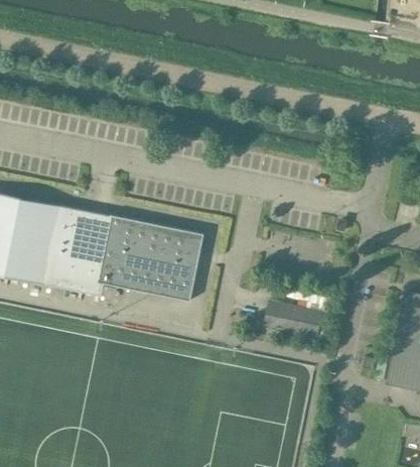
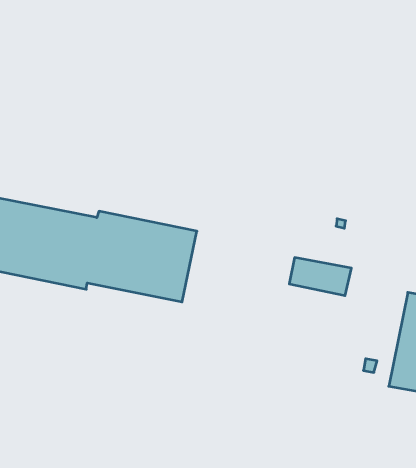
building: [262,301,321,337] -> [289,258,351,296]

